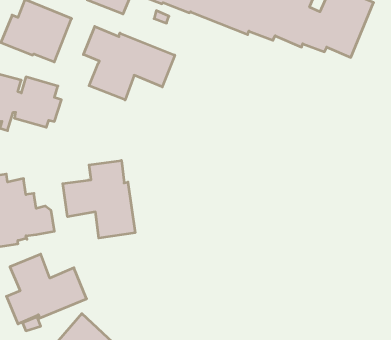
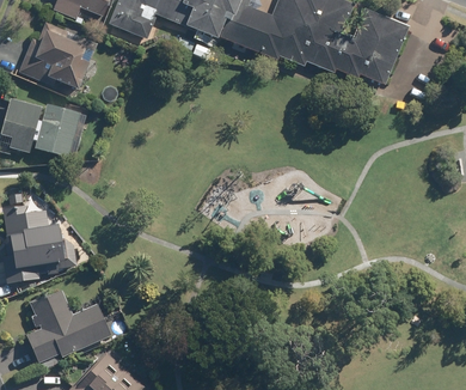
building: [83,26,175,100] -> none
building: [63,160,135,238] -> none

